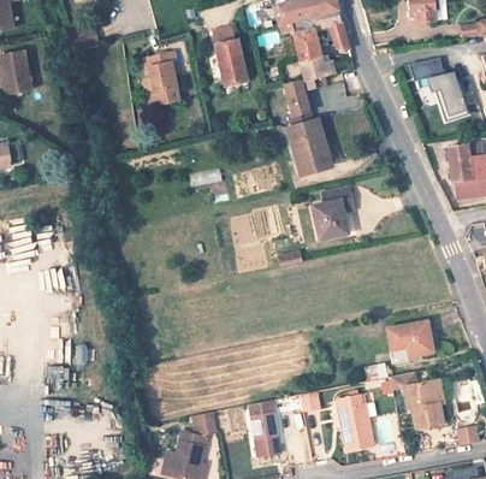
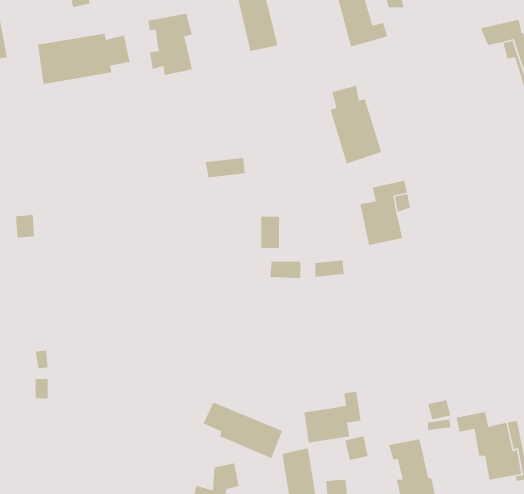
building: none -> [37,33,131,85]
building: [284,79,310,116] -> none
building: [387,321,433,356] -> none
building: none -> [303,391,361,443]
building: none -> [202,401,283,459]

